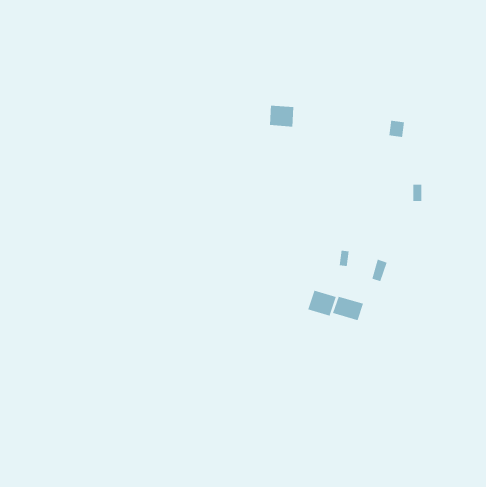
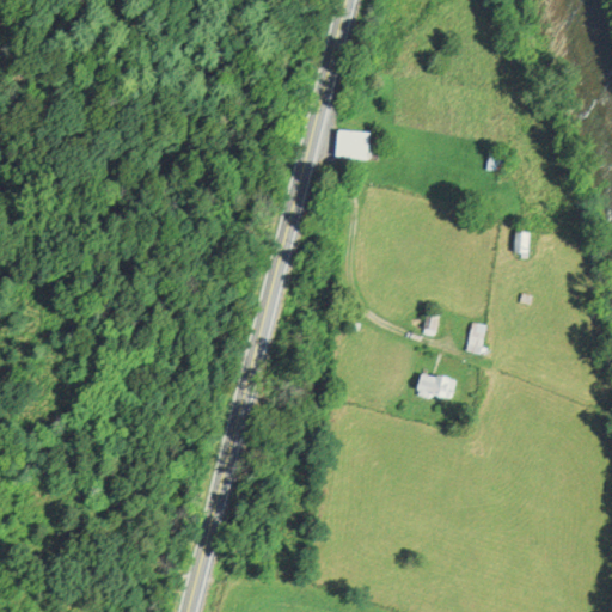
building: [308,290,337,316] -> none

